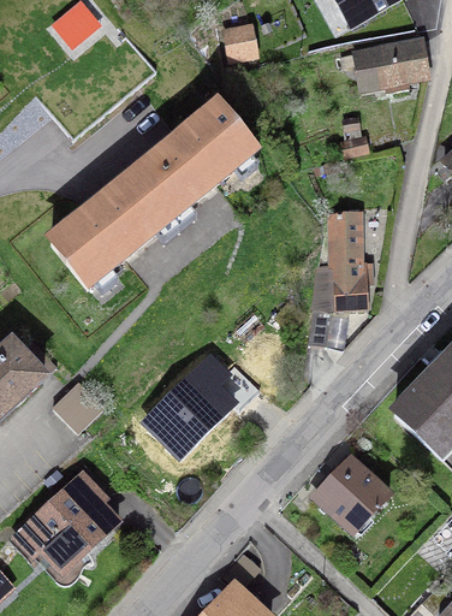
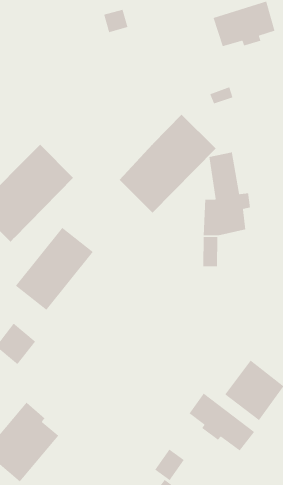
building: [135,106,254,219] -> [119,114,216,214]
building: [147,357,244,454] -> [15,227,94,311]
building: none -> [189,393,255,451]

